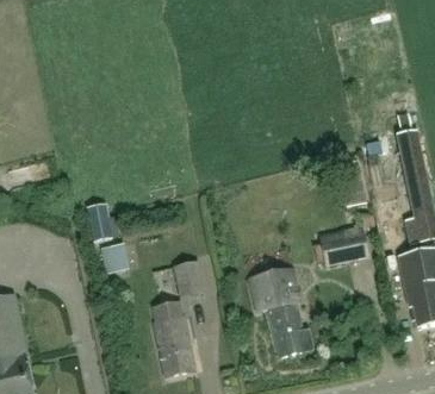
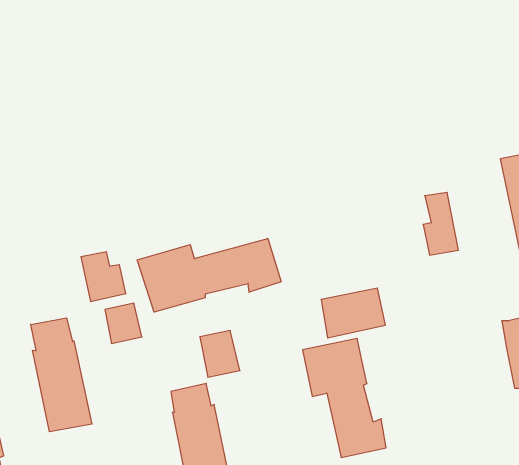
building: none -> [137,238,281,312]
building: [321,227,368,264] -> [321,288,385,338]
building: none -> [31,318,92,432]

